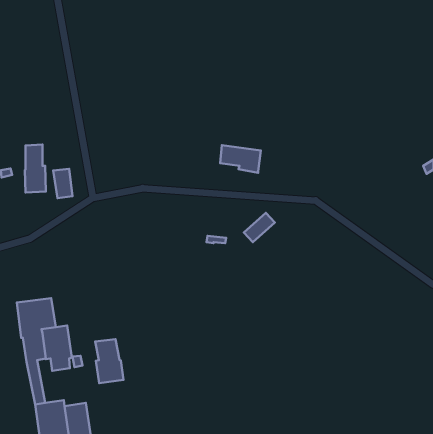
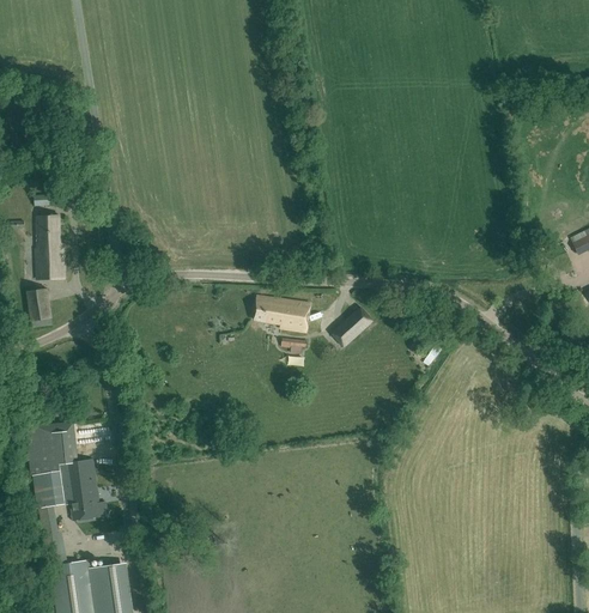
building: [220,145,261,173] -> [255,296,310,333]
building: [53,169,73,198] -> [26,287,53,327]
building: [95,339,123,383] -> none

